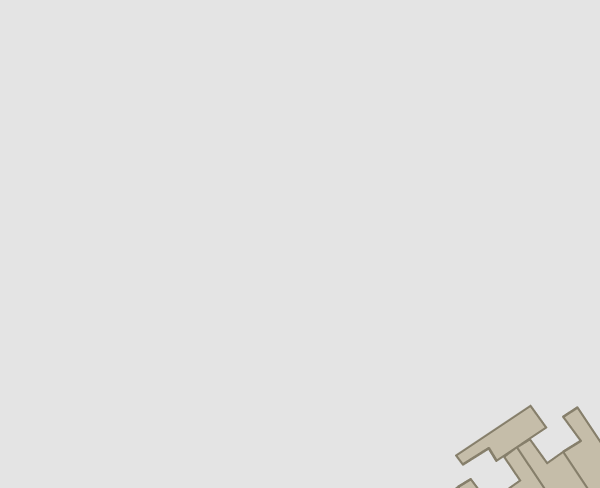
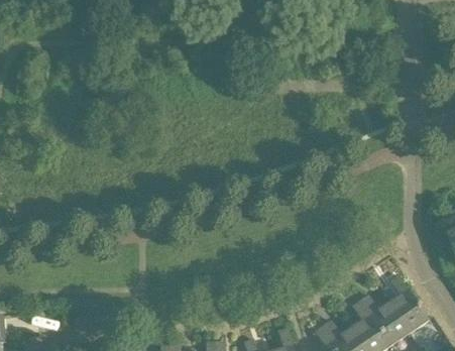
building: [456,406,546,465] -> none

